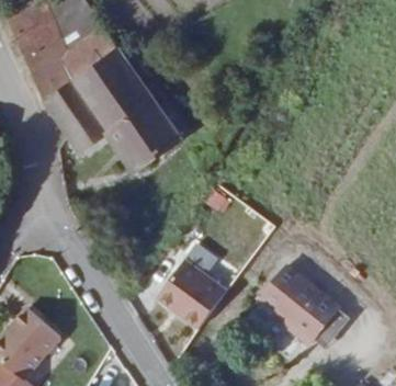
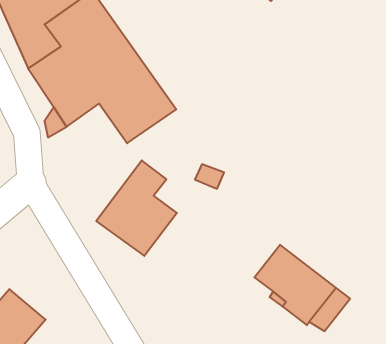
building: [154,241,229,331] -> [96,160,177,256]

